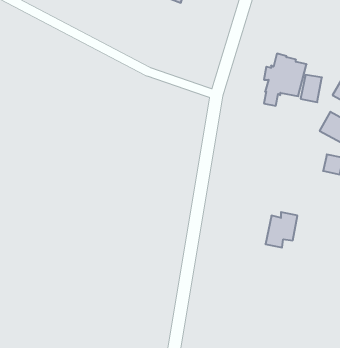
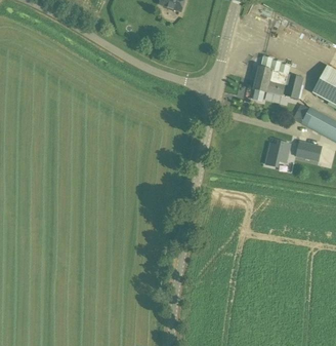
building: [265,212,297,248] -> [263,138,291,168]

